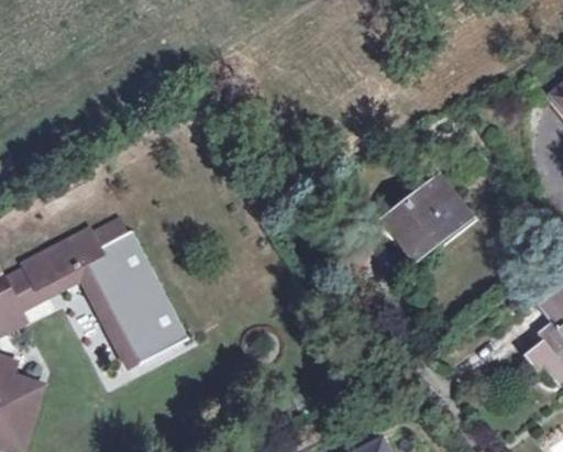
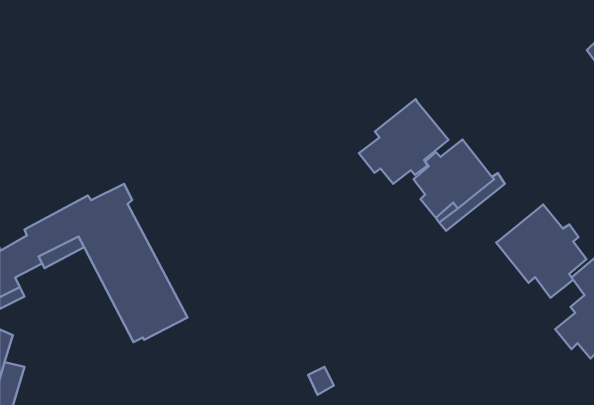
building: none -> [359,99,449,184]
building: none -> [496,204,587,298]

